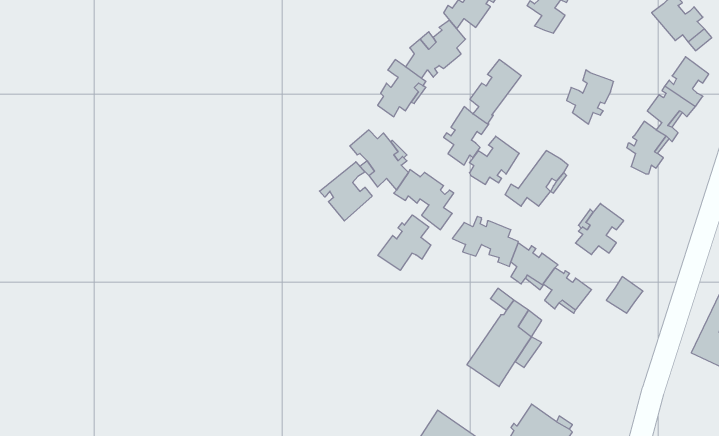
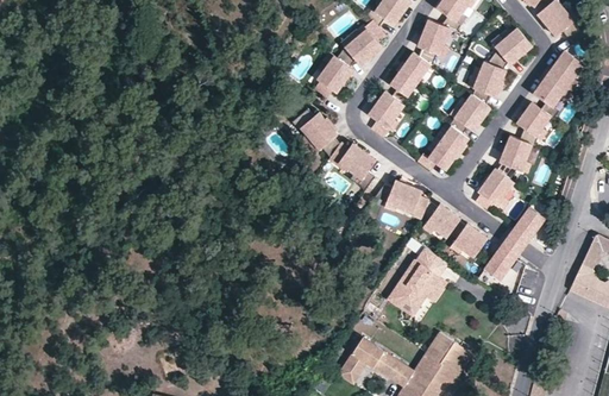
building: none -> [416,18,450,64]
building: none -> [486,26,532,68]
building: [469,136,519,184] -> [450,93,490,132]
building: [319,162,372,221] -> none
building: none -> [496,134,532,178]
building: [378,215,431,270] -> none
building: none -> [513,206,545,239]
building: none -> [484,246,516,279]

